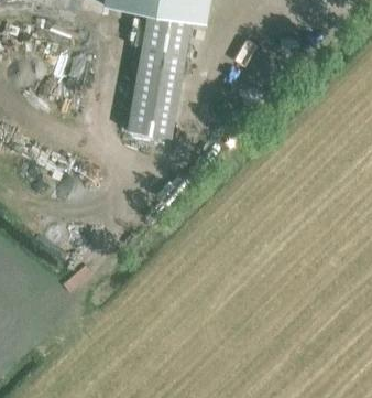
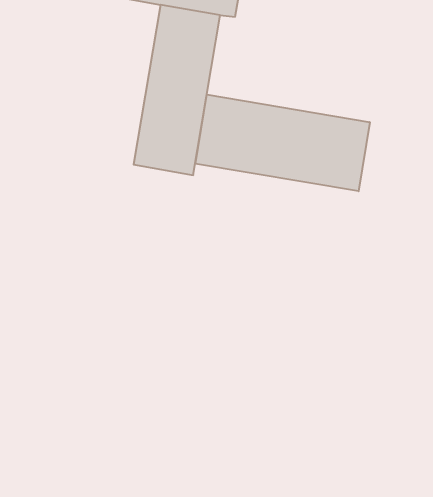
building: none -> [196,95,370,191]

